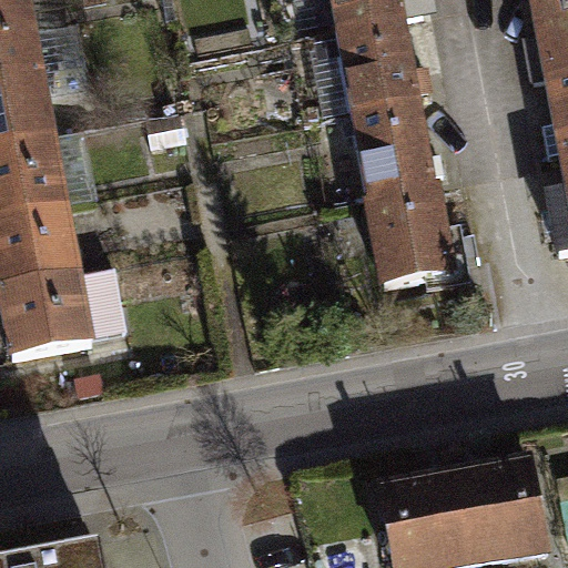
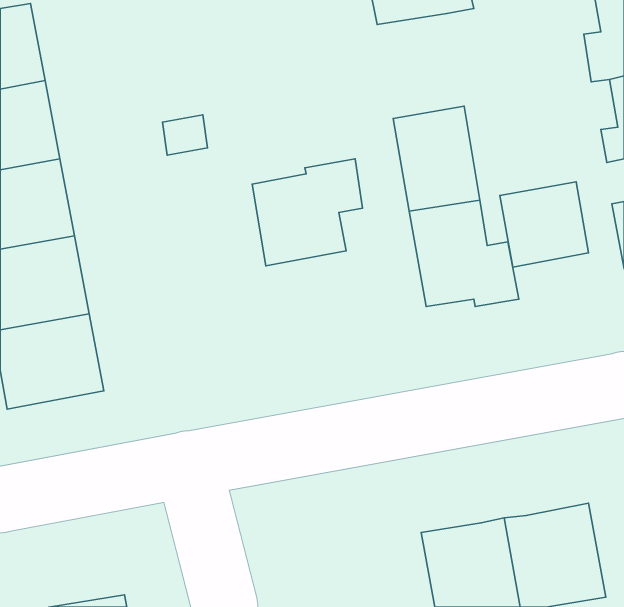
building: [343,12,422,108] -> none
building: none -> [252,159,363,266]
building: none -> [500,182,589,267]

